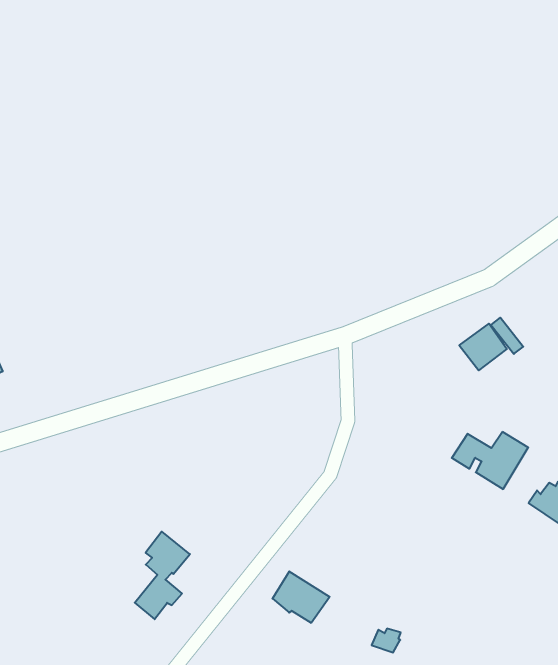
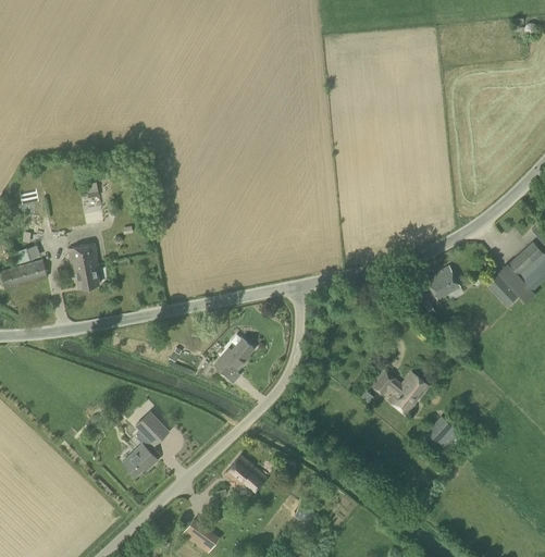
building: none -> [69,245,100,289]
building: [459,324,507,370] -> [425,267,460,300]
building: none -> [214,334,253,375]

